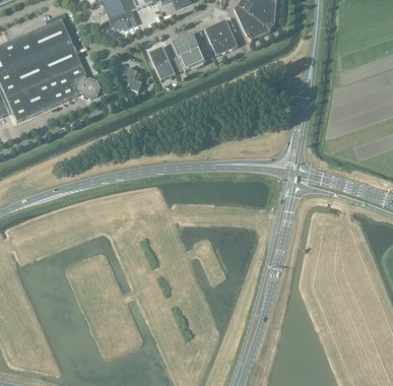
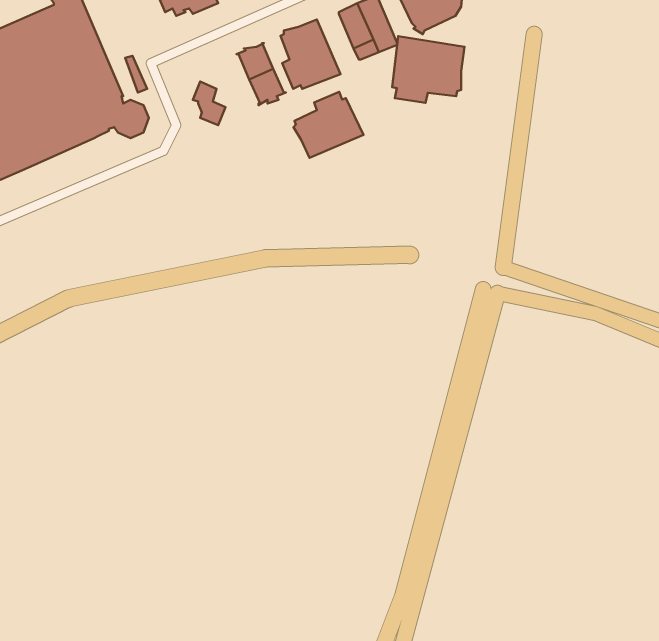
building: none -> [392,36,465,103]
building: none -> [293,92,363,158]

